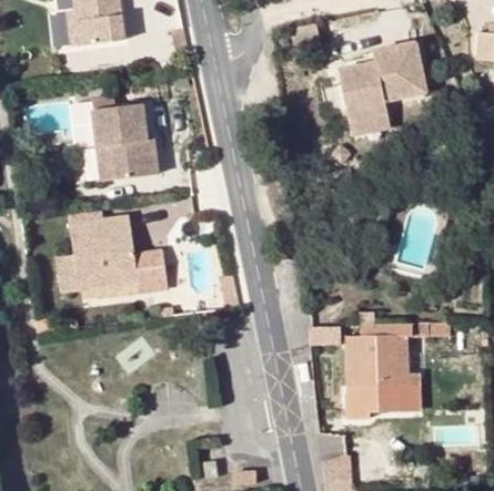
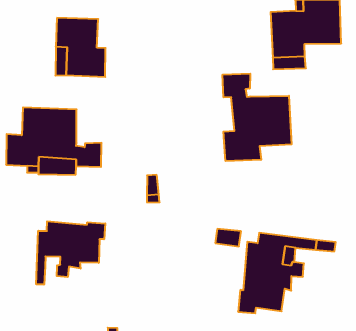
building: none -> [223,74,292,161]
building: none -> [36,221,105,285]

